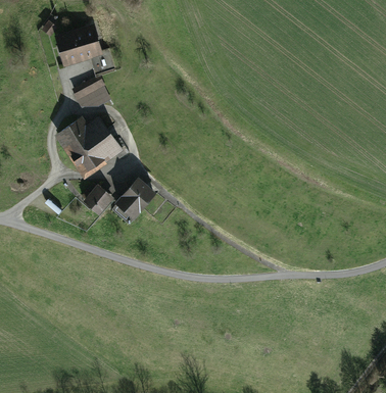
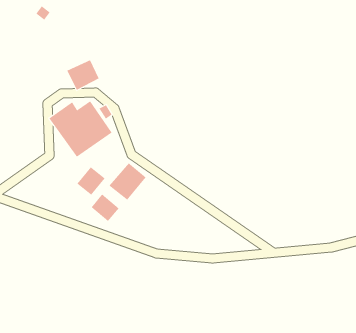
building: [56,24,102,63] -> none
building: none -> [91,194,119,222]

